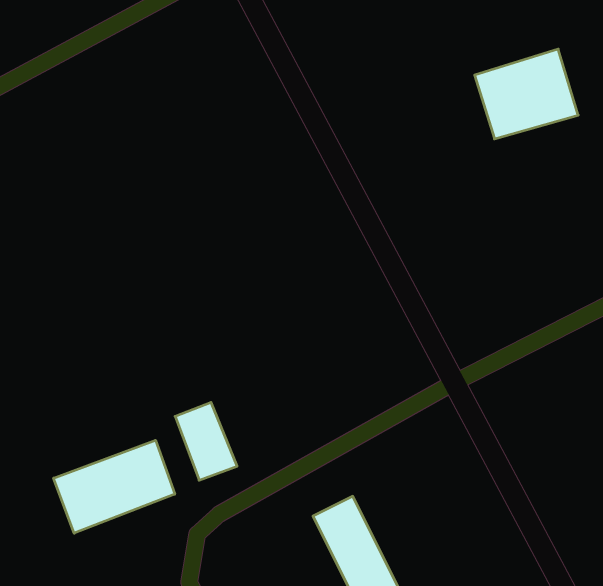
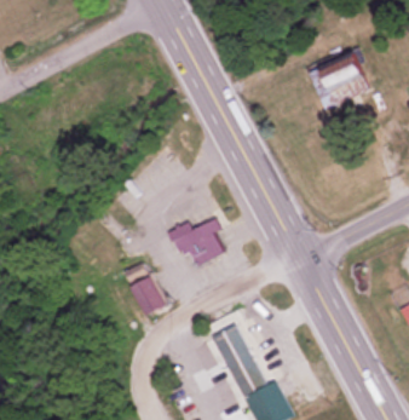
building: none -> [169,218,224,264]
building: [54,440,175,533] -> none

